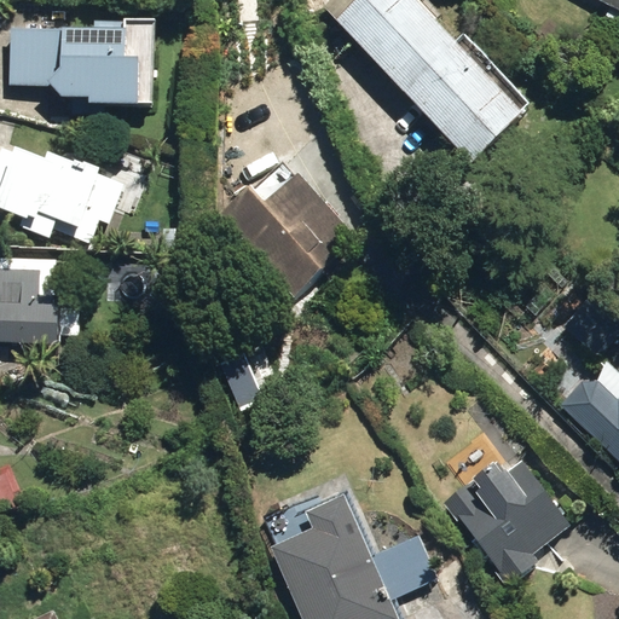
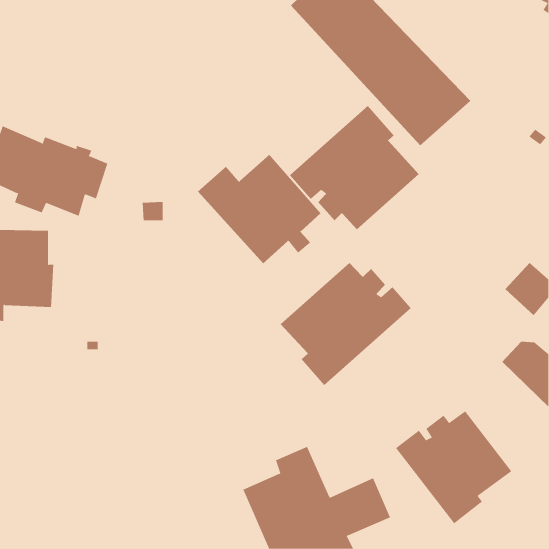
building: [7,18,157,114] -> none
building: none -> [289,105,420,230]
building: none -> [280,262,412,386]

